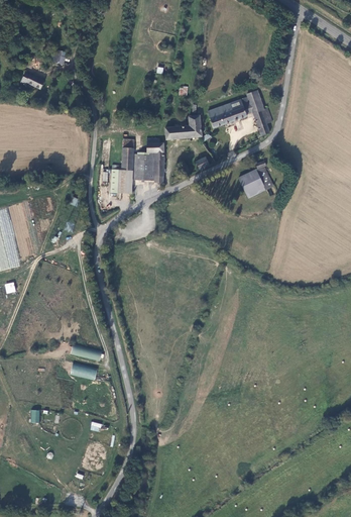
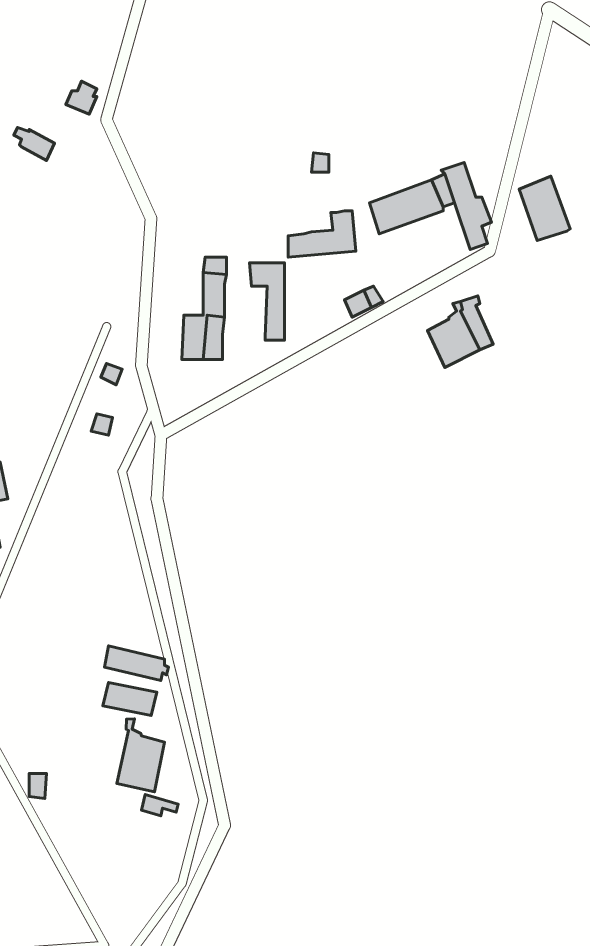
building: none -> [519,176,570,241]
building: [130,153,153,181] -> none
building: none -> [117,719,165,792]

